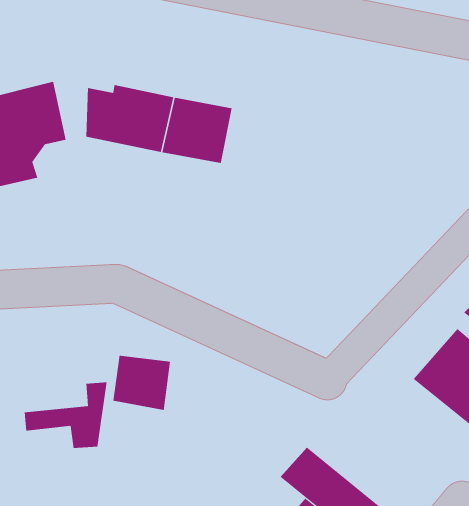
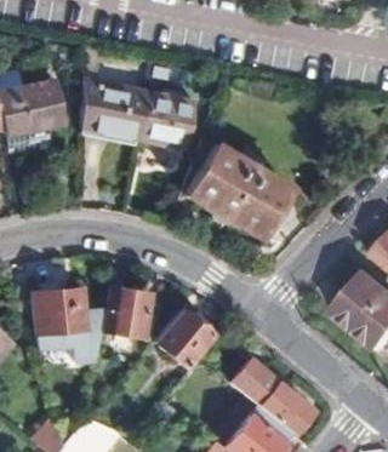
building: none -> [187,143,290,239]
building: none -> [32,288,84,334]
building: none -> [150,310,209,367]

